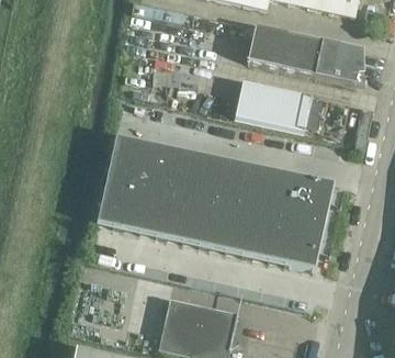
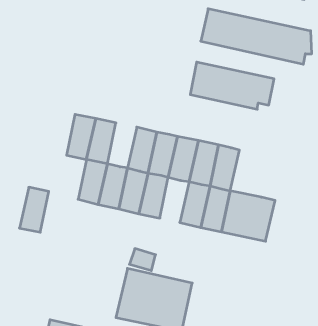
building: [149,144,180,191] -> none
building: [278,172,334,225] -> none
building: [97,178,127,225] -> [19,187,49,232]
building: [204,201,235,248] -> none

